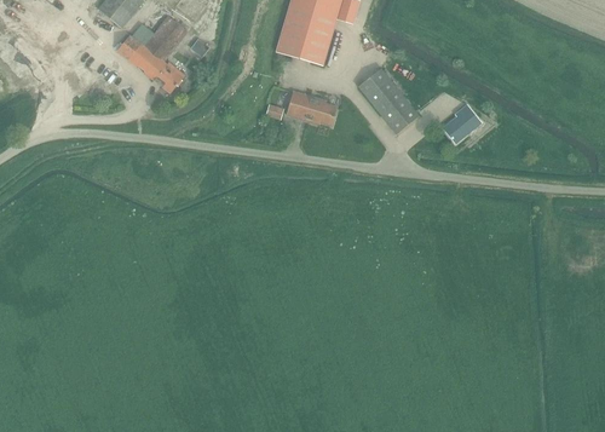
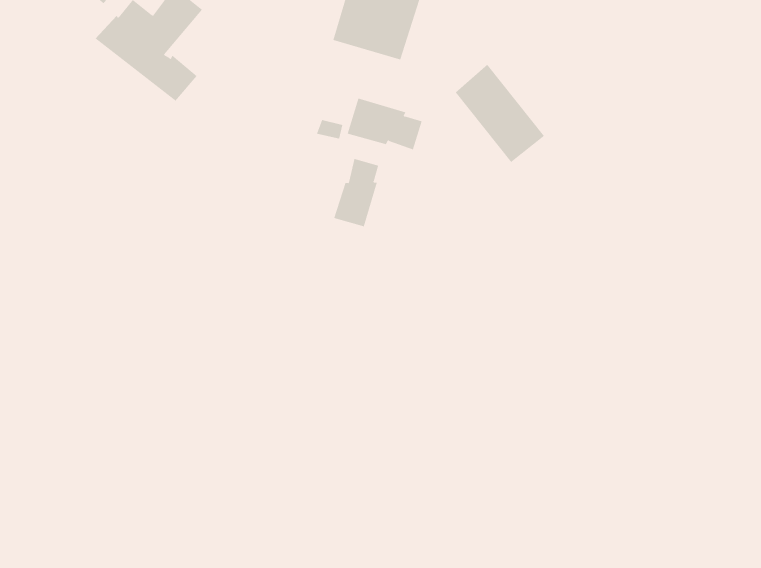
building: [444,104,479,142] -> none
building: none -> [334,158,379,227]

